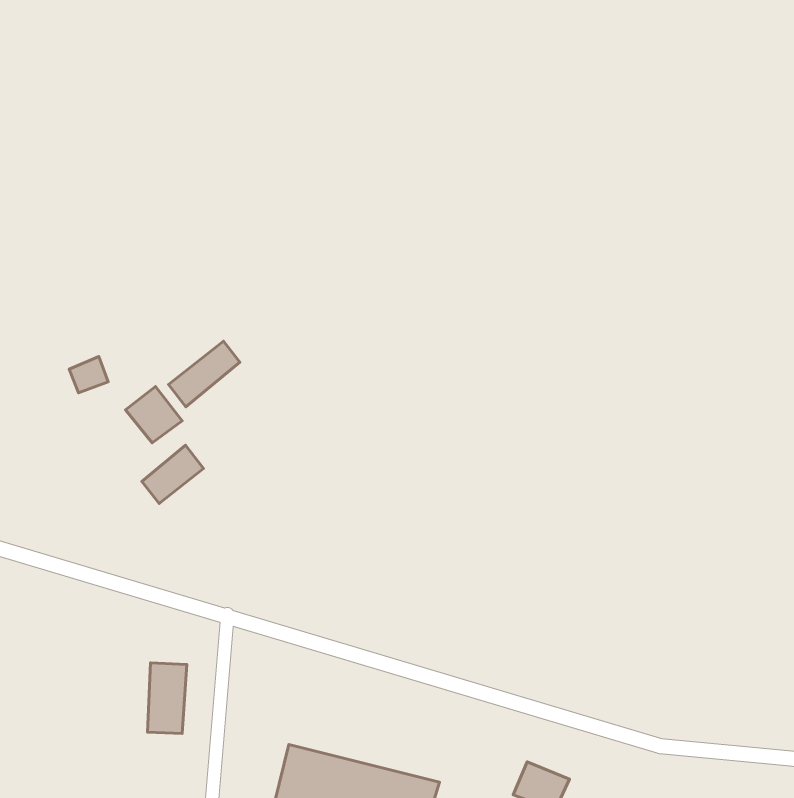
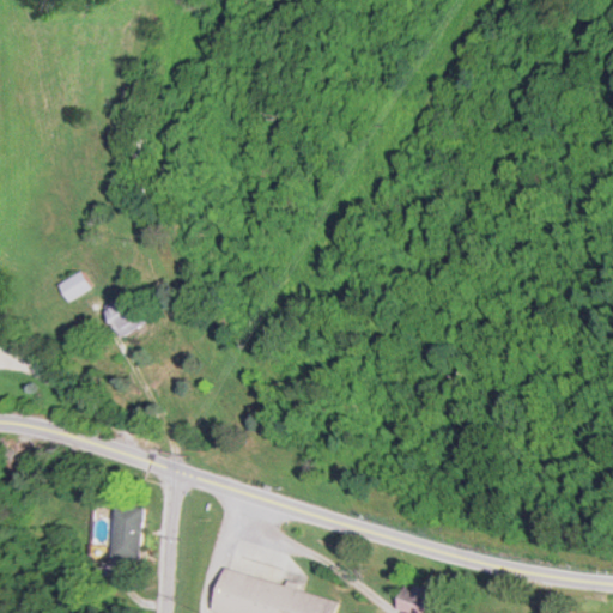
building: [168,341,240,407] -> none
building: [142,445,204,504] -> none

